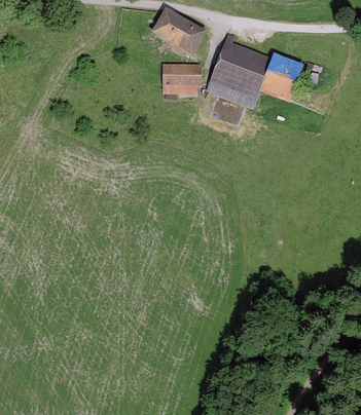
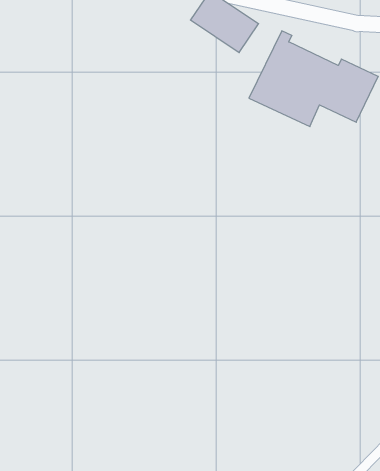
building: [161,65,202,95] -> none

